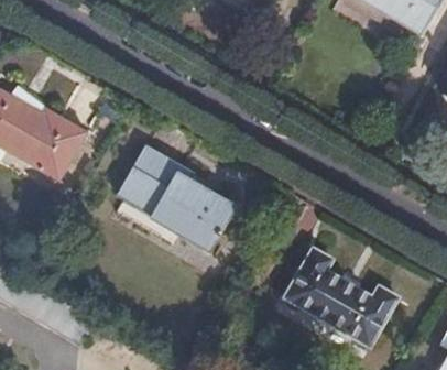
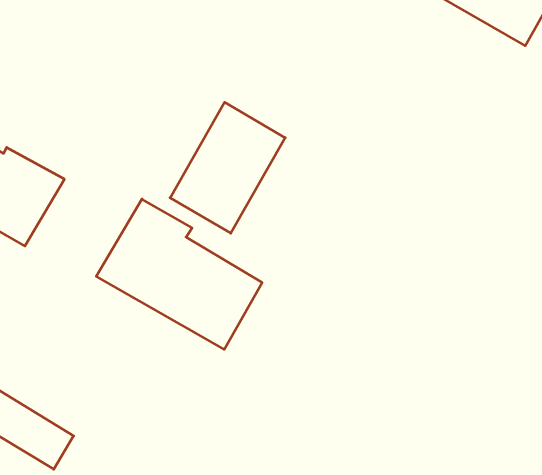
building: none -> [170,102,285,233]
building: [292,246,403,339] -> none

